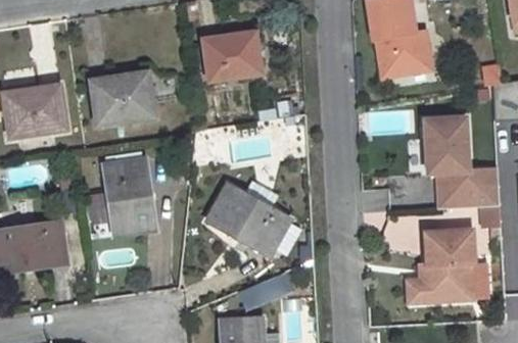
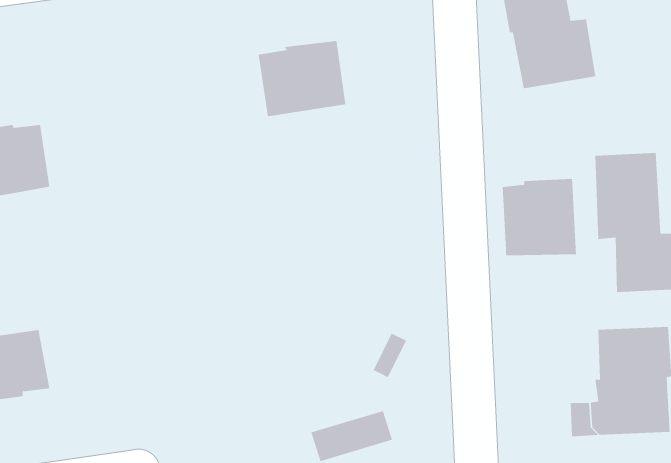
building: [90,72,153,125] -> none
building: none -> [502,178,576,256]
building: [102,160,155,236] -> none
building: [206,185,288,255] -> none

